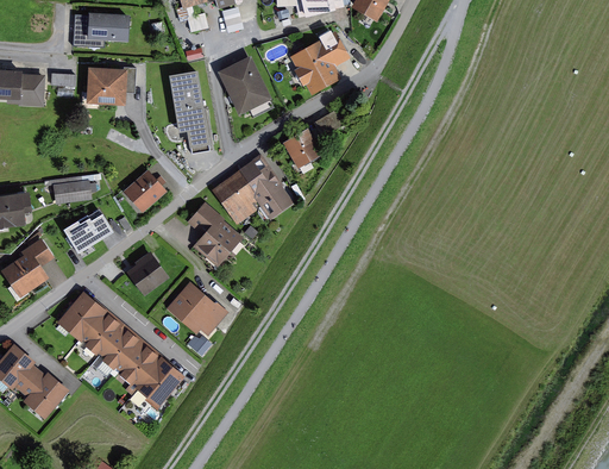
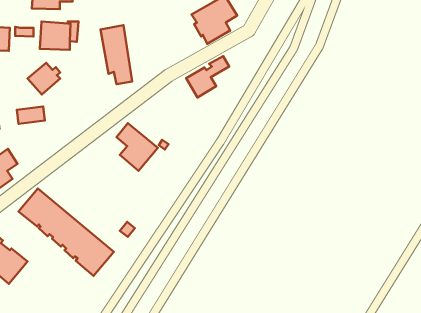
building: [216,55,271,114] -> none
building: [211,152,294,225] -> none
building: [123,169,167,212] -> [28,63,60,95]
building: [59,212,103,255] -> none
building: [126,250,169,295] -> none
building: [165,281,228,336] -> none

